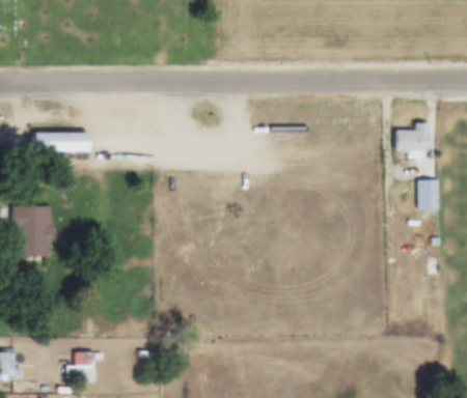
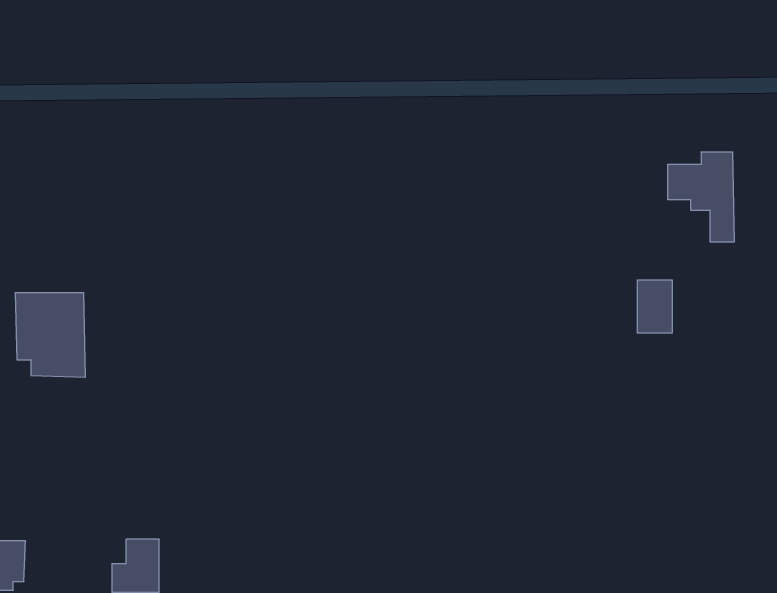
building: [33,132,89,152] -> none
building: [418,179,439,210] -> [637,280,672,333]

